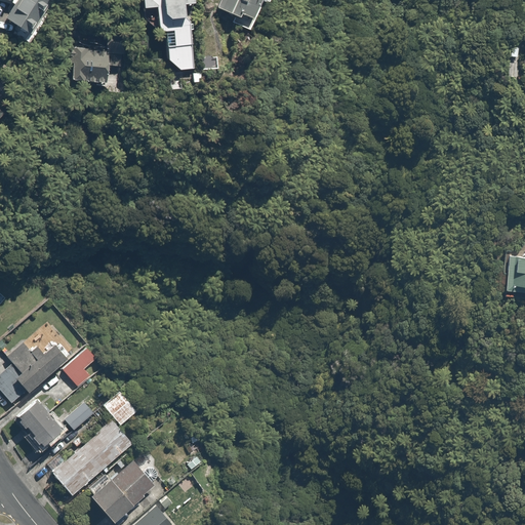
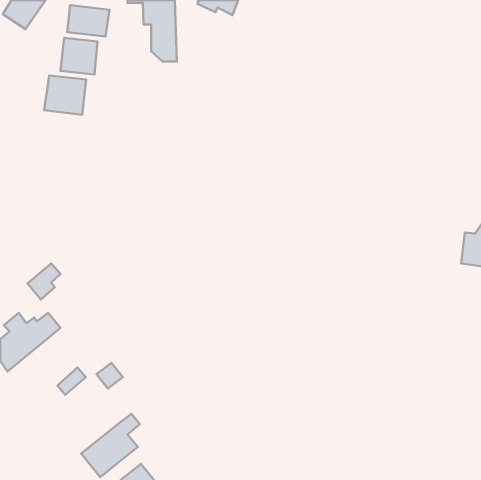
building: none -> [67,5,110,37]
building: none -> [44,75,86,115]
building: [62,348,97,387] -> [28,264,61,299]
building: [15,397,62,445] -> none
building: [51,422,133,497] -> none

